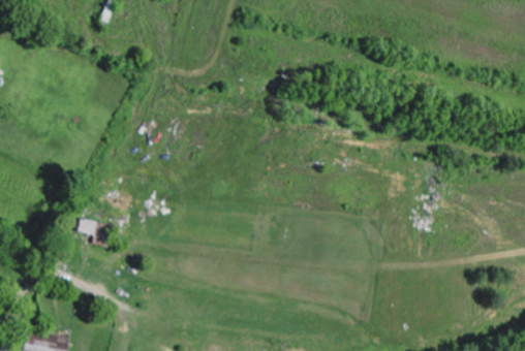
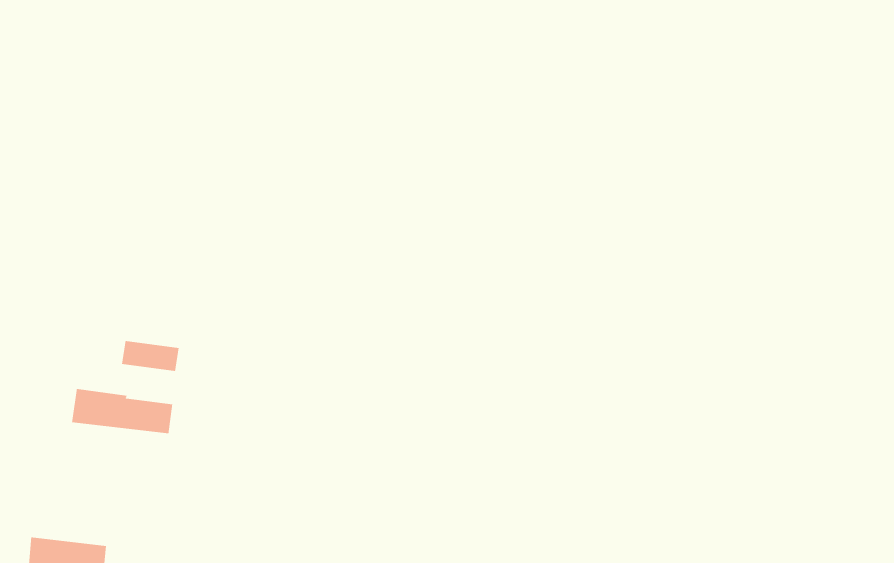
building: none -> [71,388,173,434]

